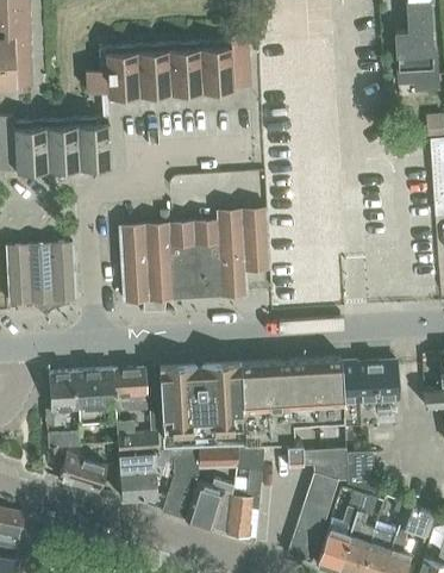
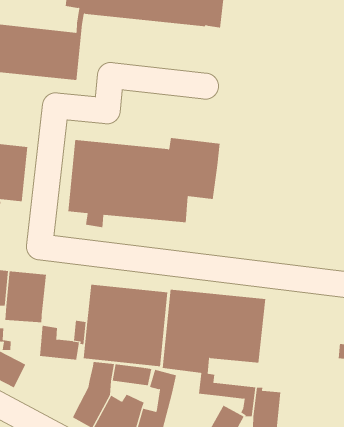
building: [343,357,399,424] -> none
building: [113,367,146,411] -> none
building: [119,450,175,498] -> none

